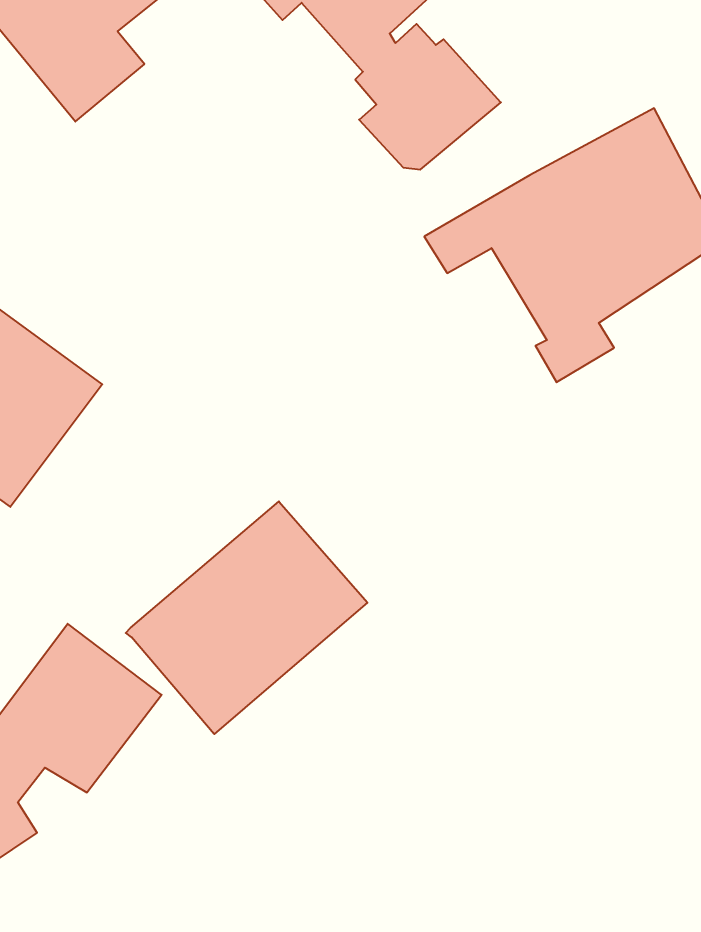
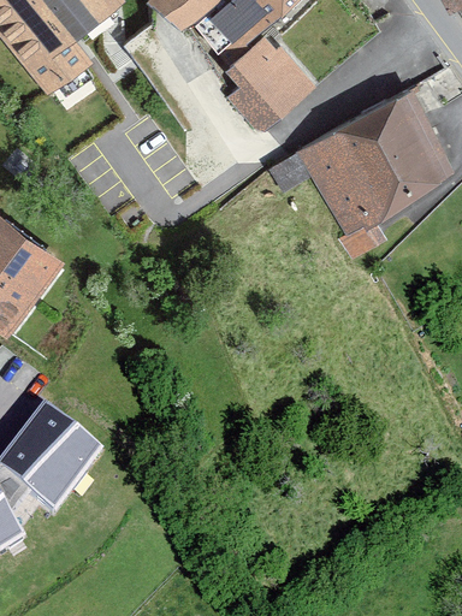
building: [126,501,367,734] -> none

